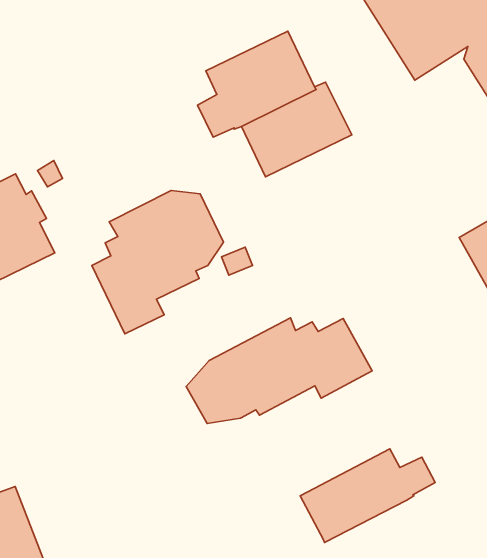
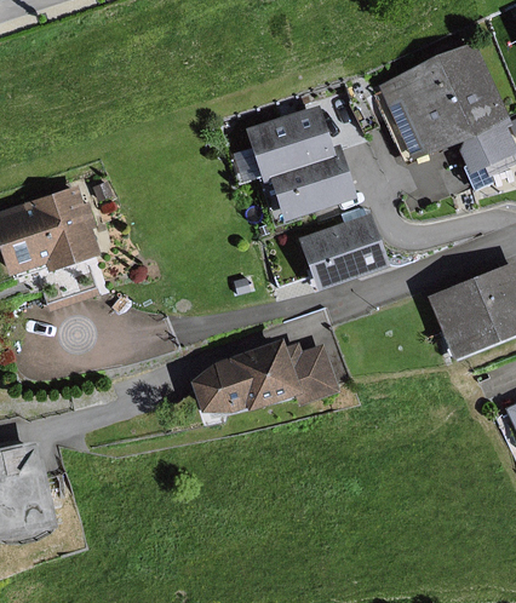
building: none -> [298,207,389,291]
building: [92,191,223,334] -> none
building: [300,449,435,543] -> none

